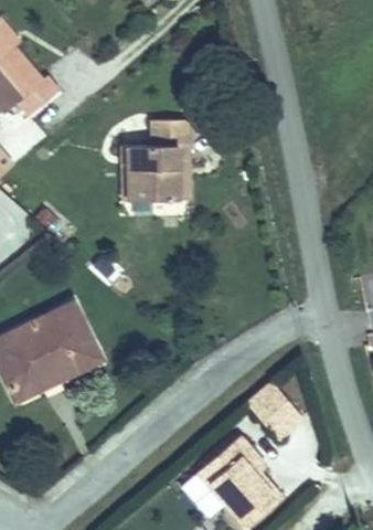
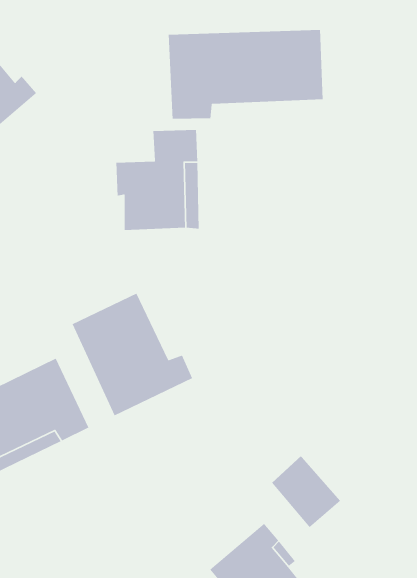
building: none -> [168,29,324,120]
building: none -> [71,293,193,416]

